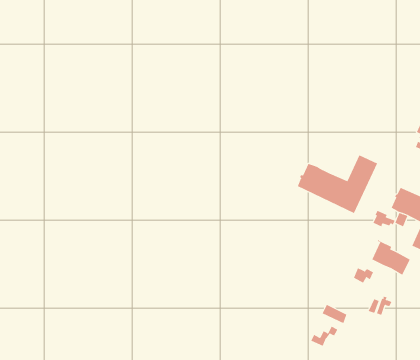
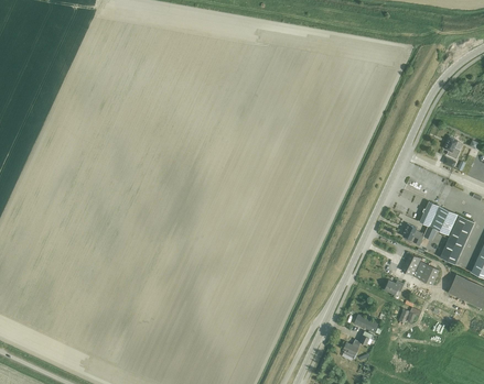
building: [297,155,378,214] -> none

